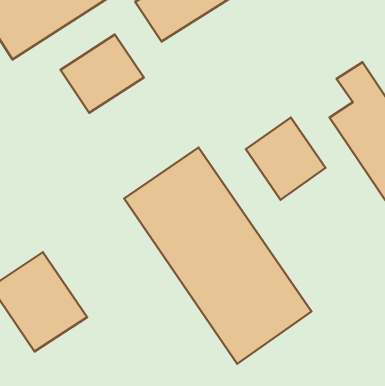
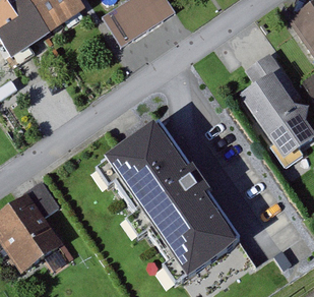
building: [60,35,144,113] -> none
building: [246,117,325,200] -> none

